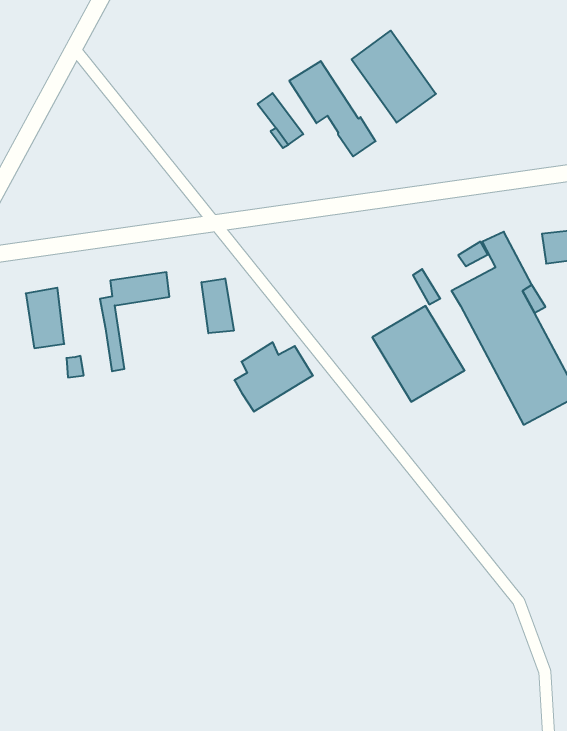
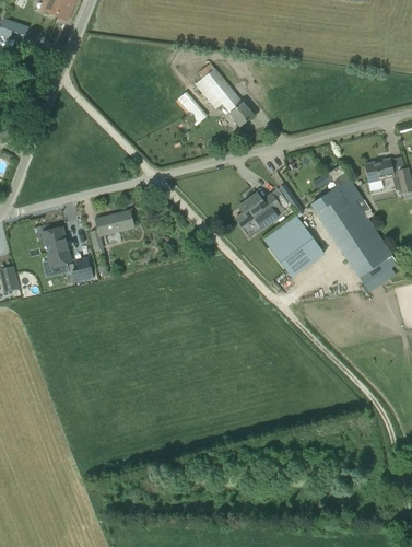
building: [352,31,436,123] -> none
building: [202,278,234,333] -> none
building: [234,342,313,412] -> [236,191,285,236]

